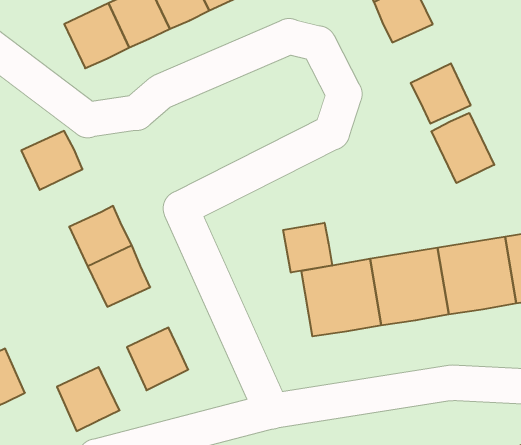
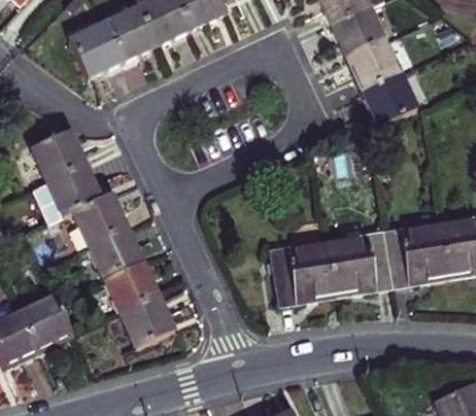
building: none -> [345,40,395,90]
building: [431,113,494,183] -> none
building: none -> [32,162,101,222]
building: [283,223,332,273] -> none
building: none -> [106,261,158,311]
building: [57,367,120,431] -> [21,296,73,349]

